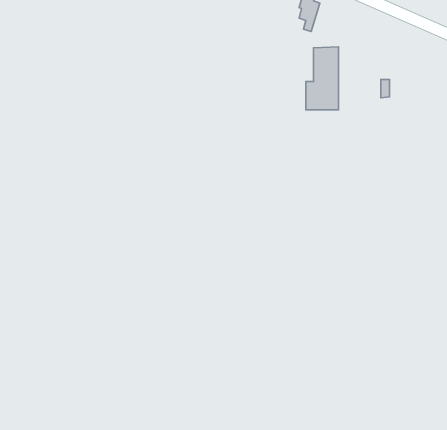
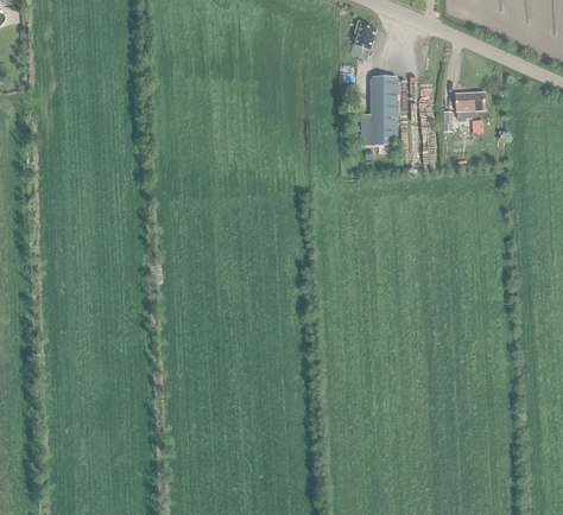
building: none -> [455,90,486,110]

